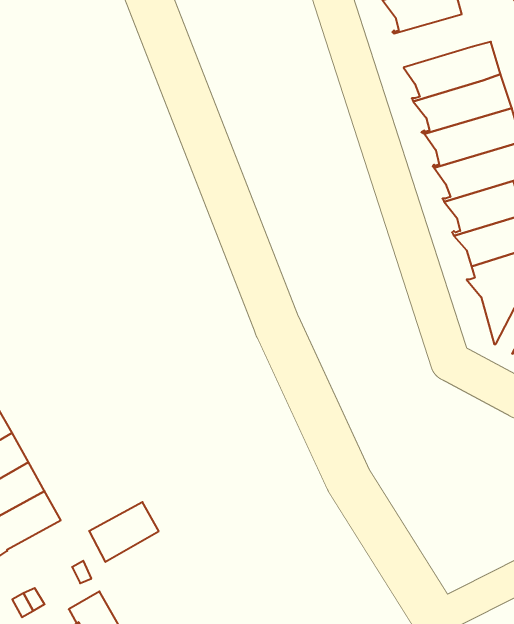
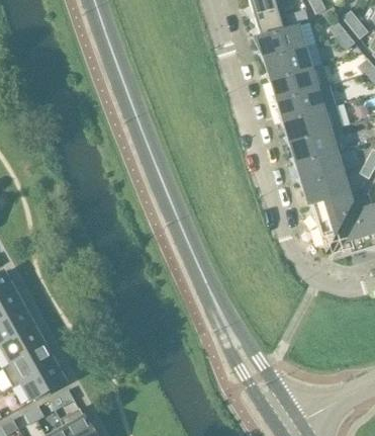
building: none -> [263,46,312,79]
building: [89,502,159,562] -> [21,362,65,400]

